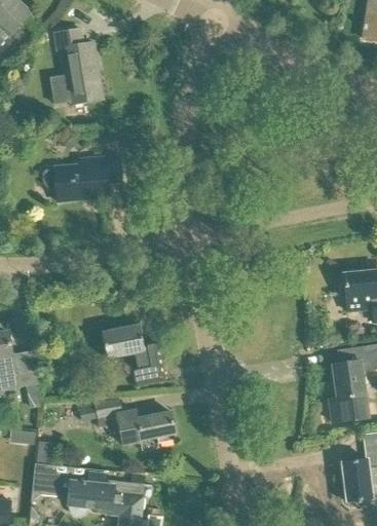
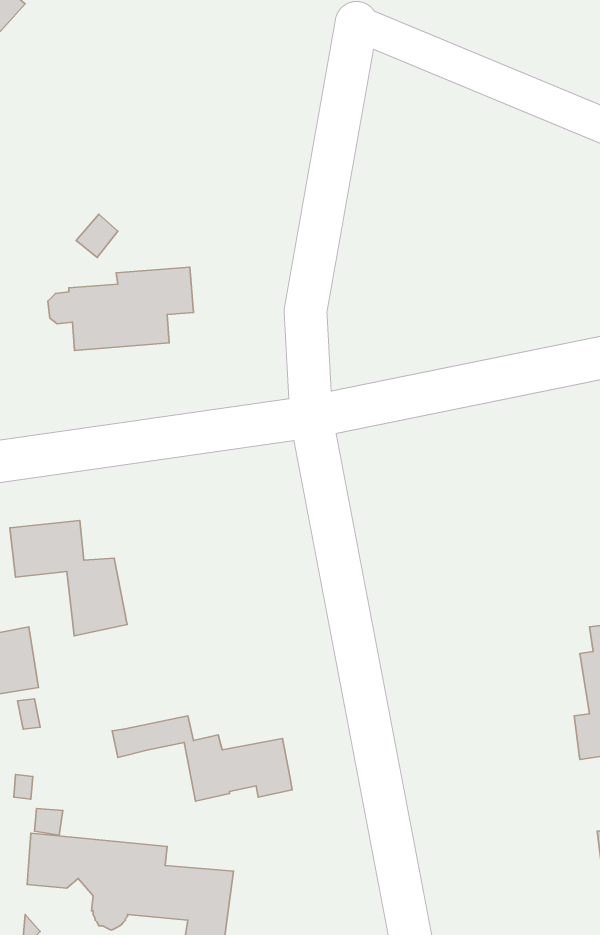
building: [50,28,103,105] -> none
building: [102,323,165,385] -> [10,520,127,636]

